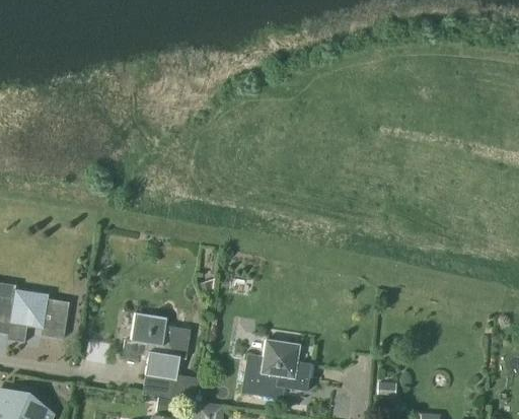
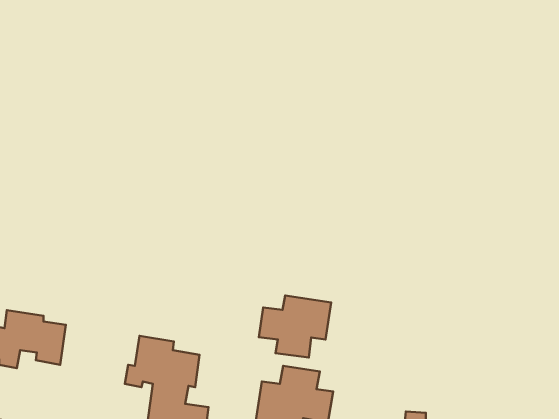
building: none -> [259,296,331,357]

